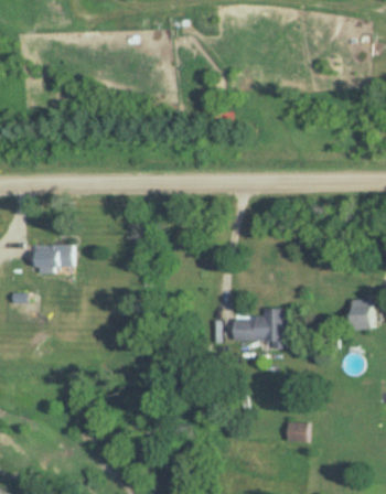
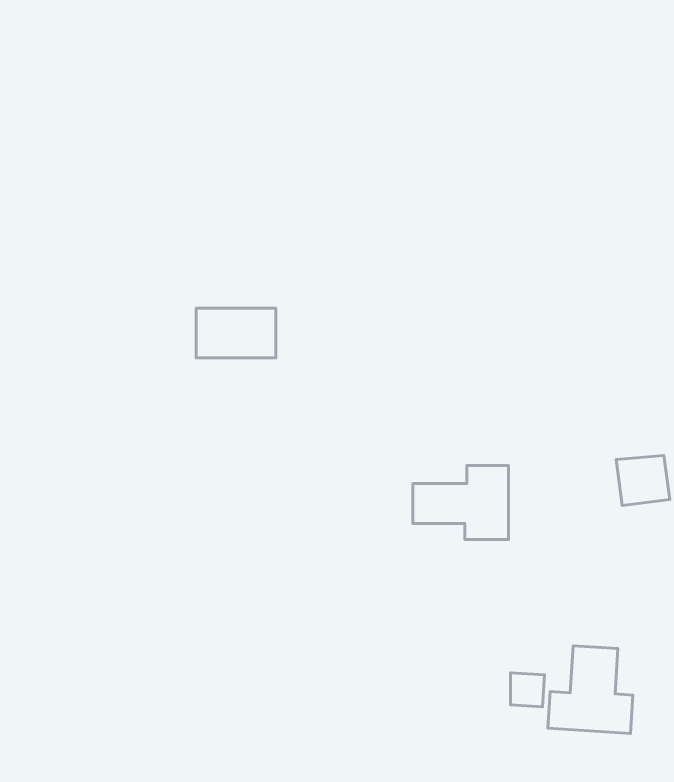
building: [31,244,75,271] -> [196,308,276,358]
building: none -> [548,646,633,733]

